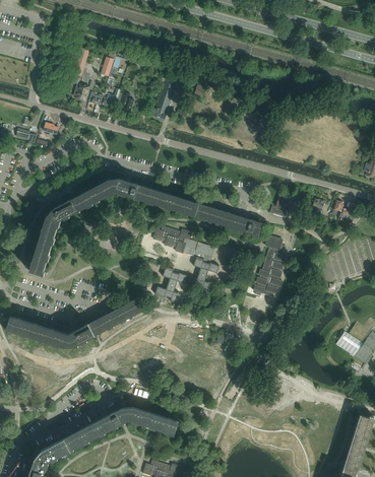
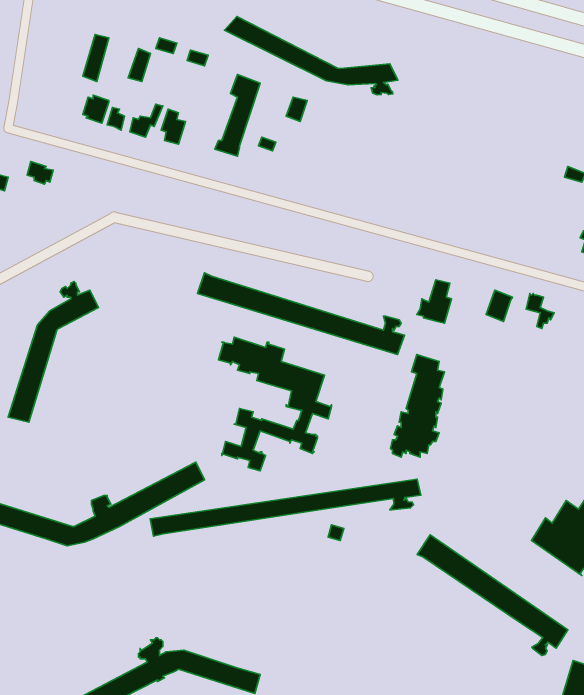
building: none -> [224,16,398,95]
building: [78,177,145,208] -> none
building: none -> [150,479,421,536]
building: none -> [417,535,568,656]

